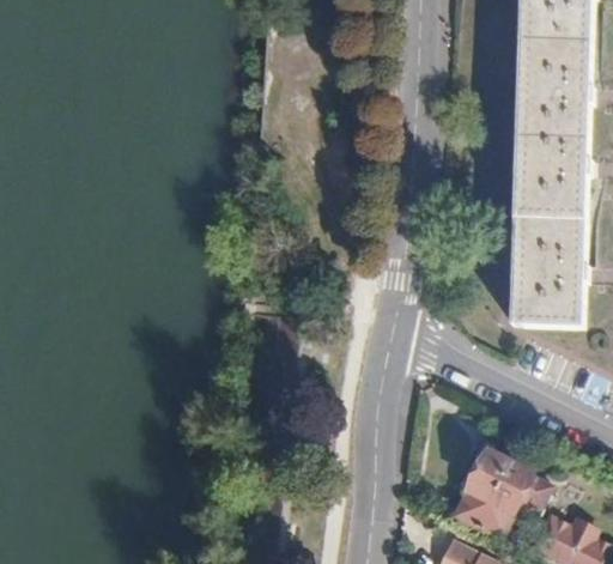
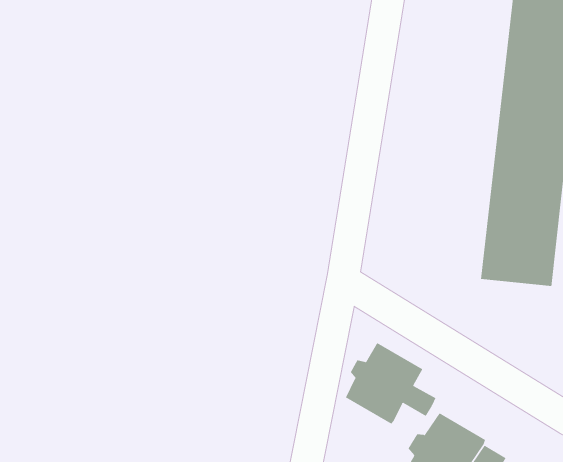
building: none -> [345,342,436,425]

